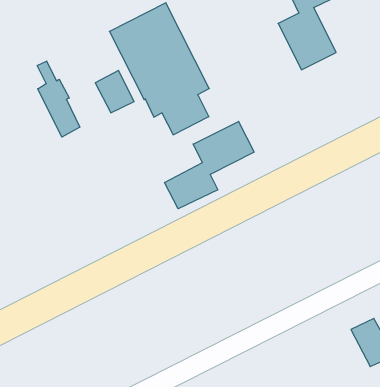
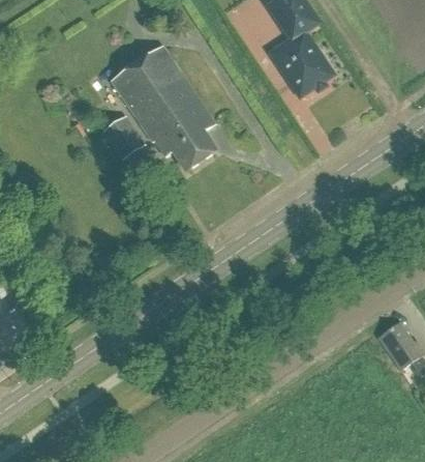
building: [37,61,80,137] -> none
building: [165,121,254,209] -> none

